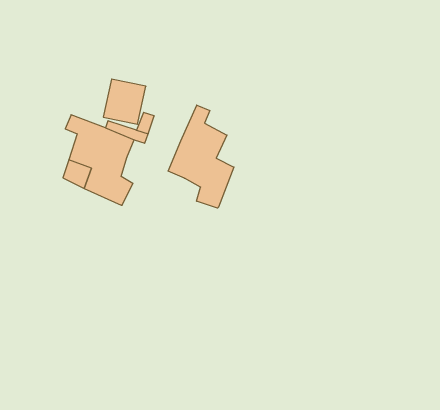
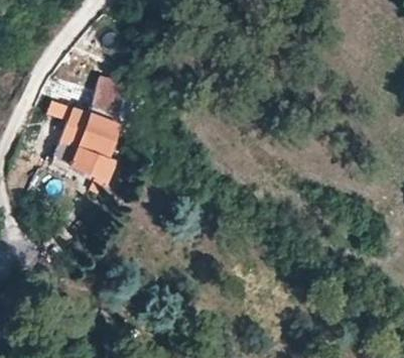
building: [168,105,234,208] -> none

